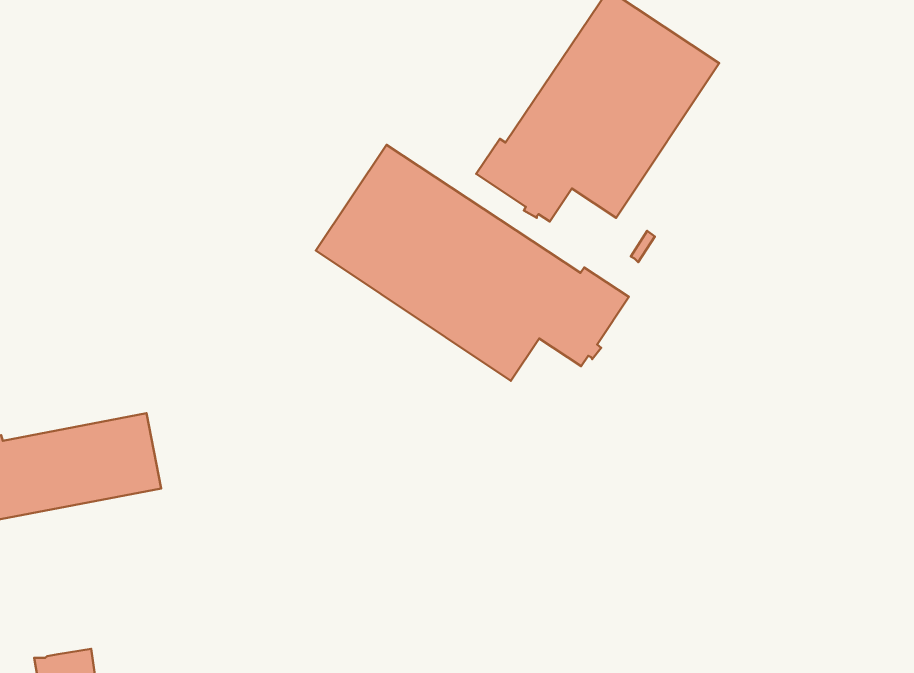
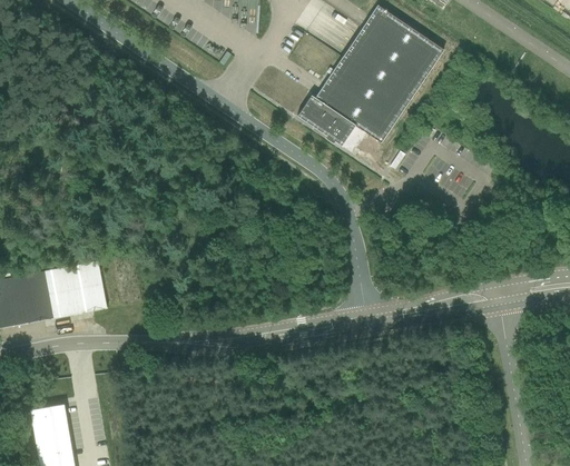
building: [316,145,629,381] -> none

